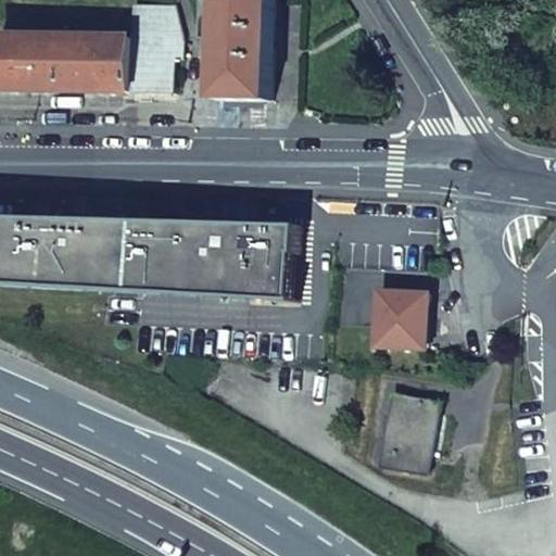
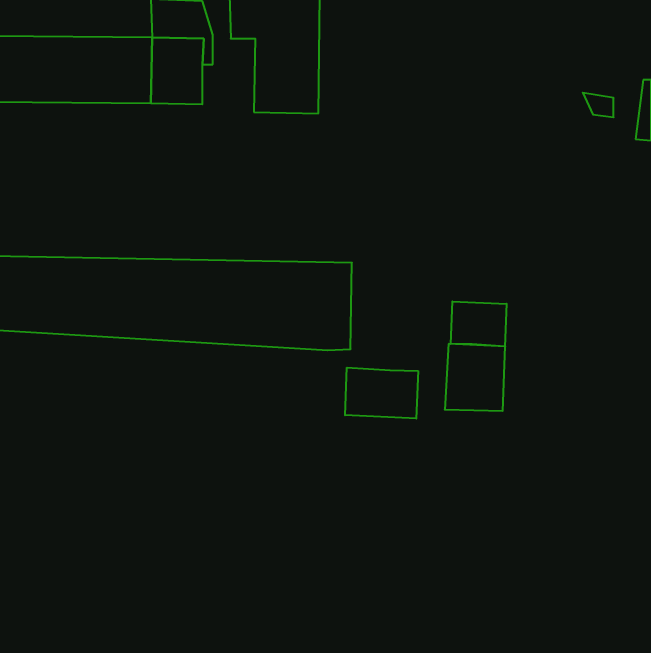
building: none -> [451,301,507,346]
building: none -> [345,368,418,419]
building: [378,394,437,471] -> none

